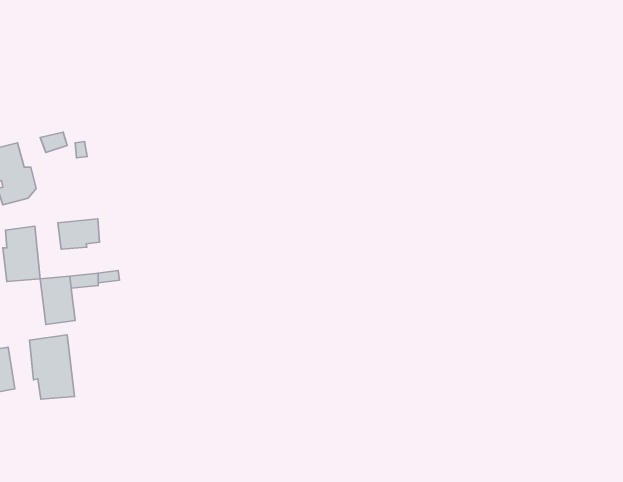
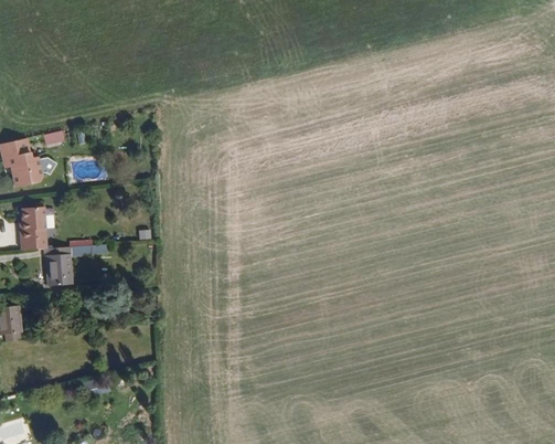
building: [58,219,100,249] -> none
building: [29,335,75,399] -> none

